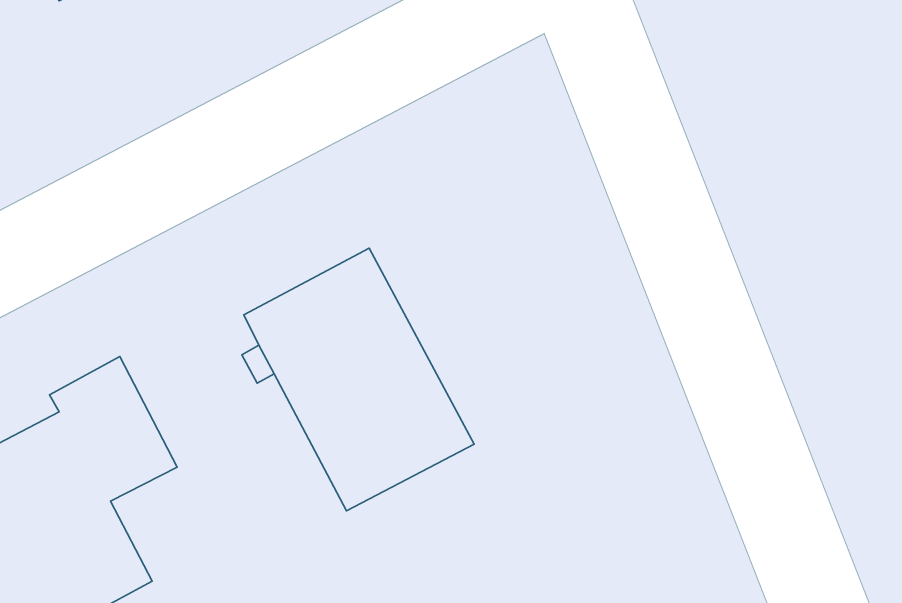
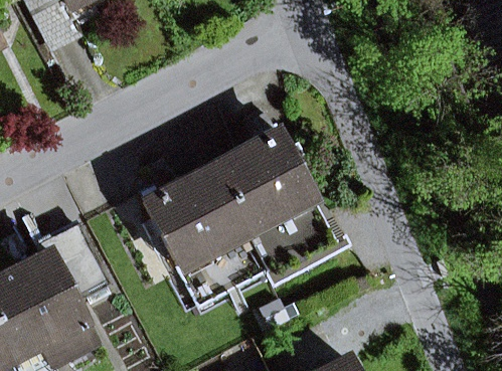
building: none -> [212,127,343,281]

